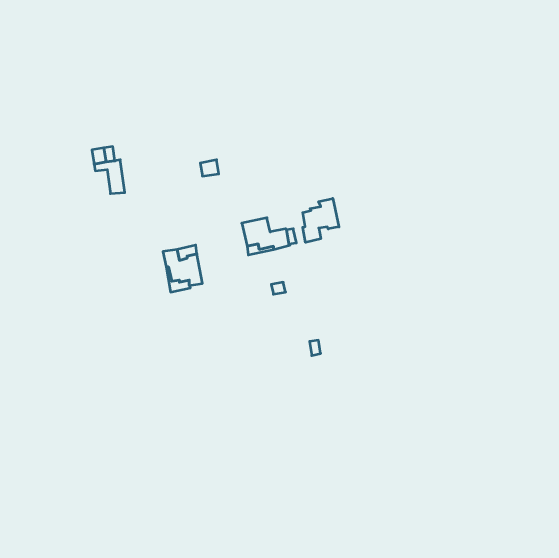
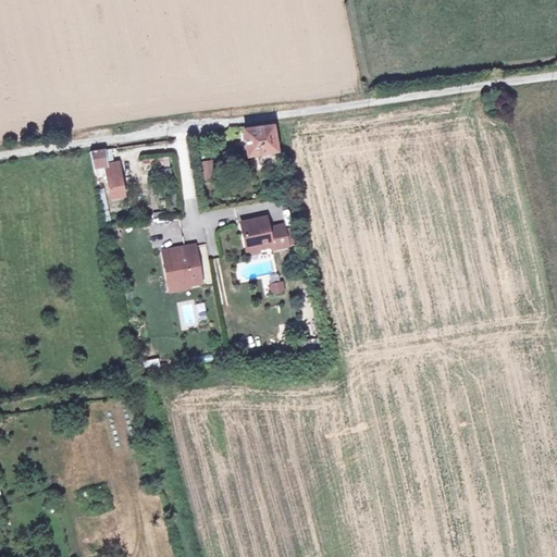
building: none -> [243,123,277,154]
building: [303,198,339,242] -> none

